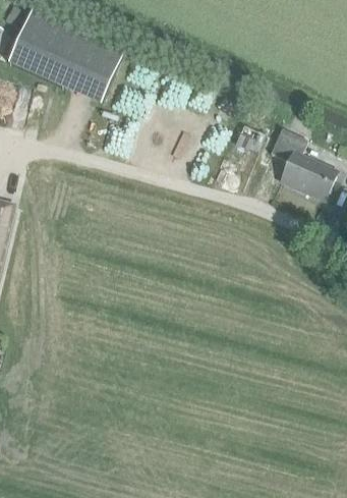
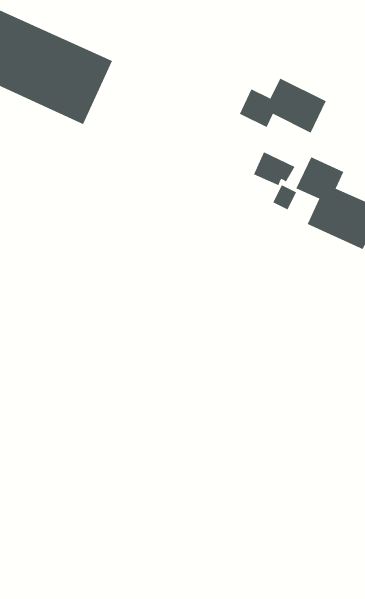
building: none -> [239,78,327,134]

